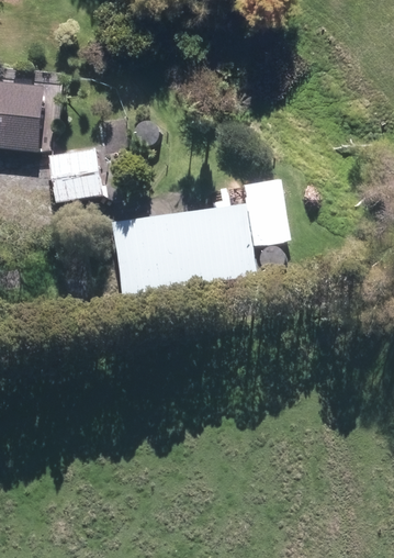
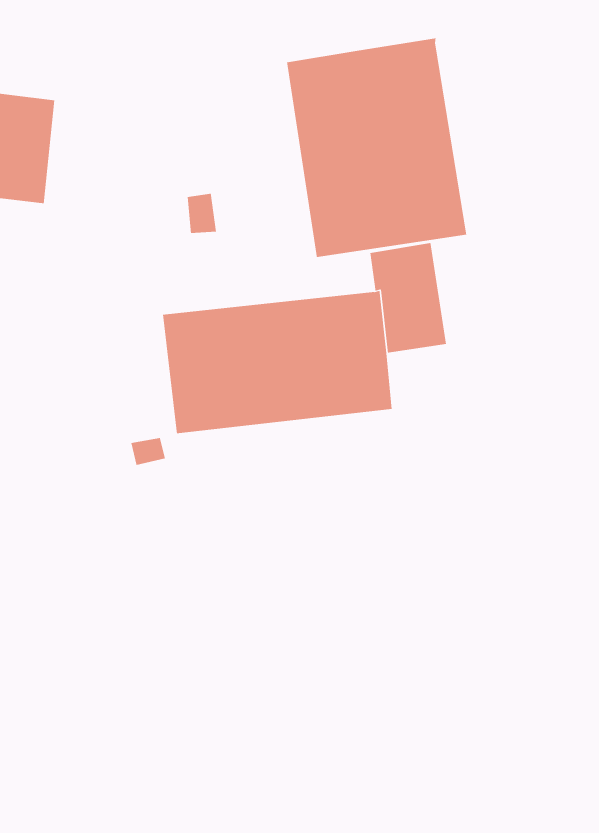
building: none -> [286,38,467,258]
building: [47,146,102,200] -> none

